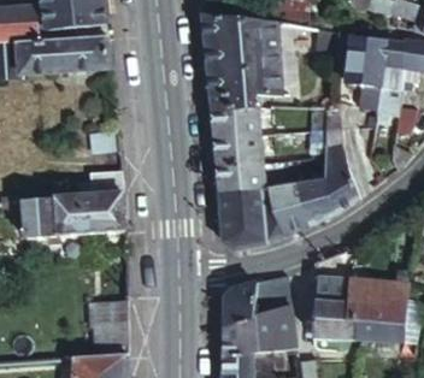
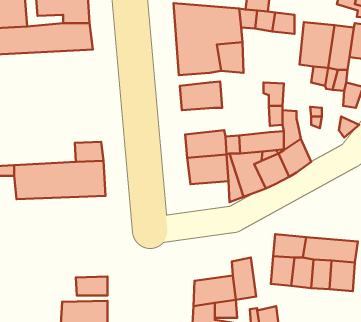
building: [211,132,259,163] -> none
building: [220,215,265,248] -> none
building: [225,277,289,329] -> none

